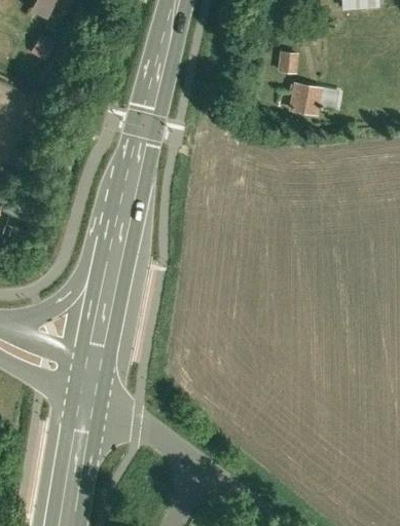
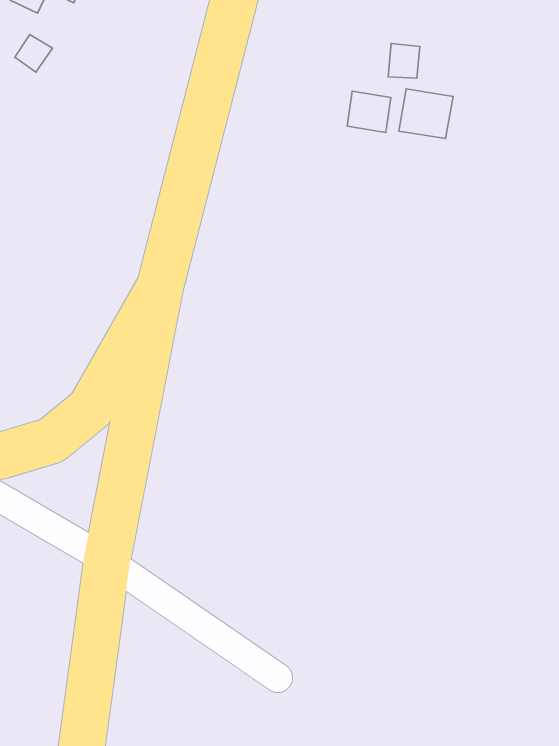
building: none -> [347,91,391,132]

